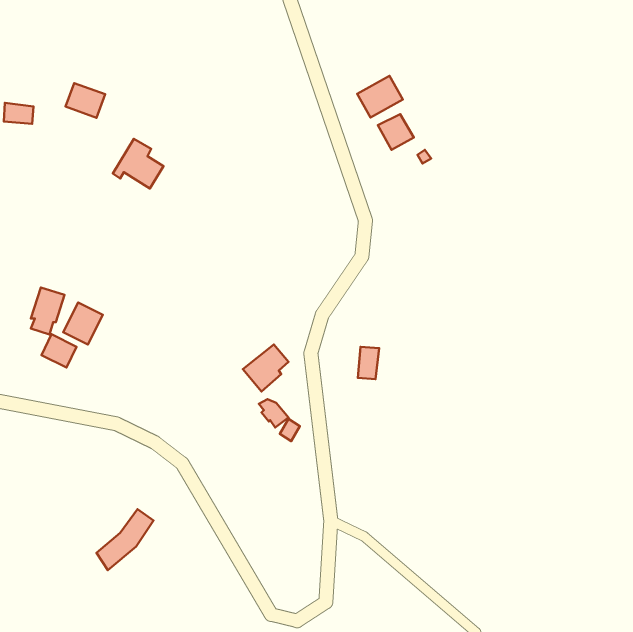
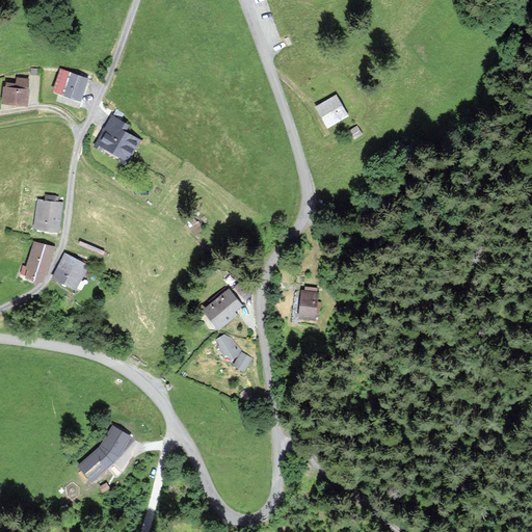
building: [357,76,403,117] -> none
building: none -> [34,200,60,231]
building: [41,334,77,368] -> none

